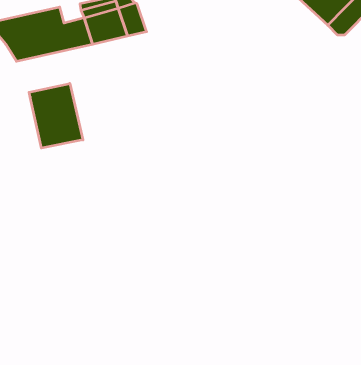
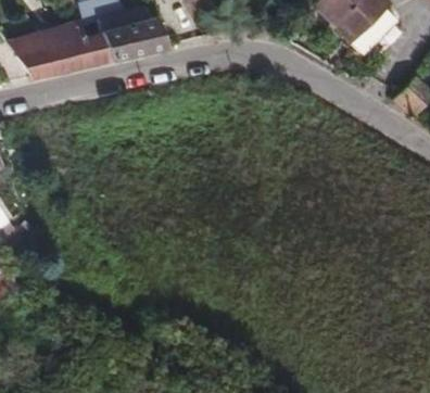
building: [29,83,83,148] -> none

